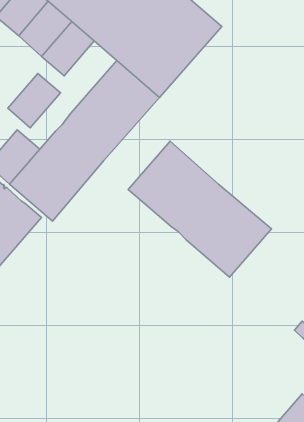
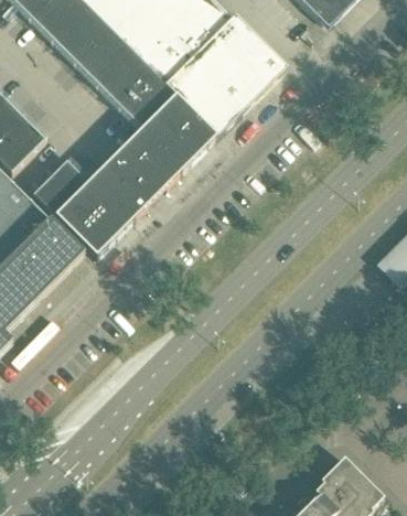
building: [8,73,61,128] -> [119,73,175,129]
building: [128,141,271,277] -> none

